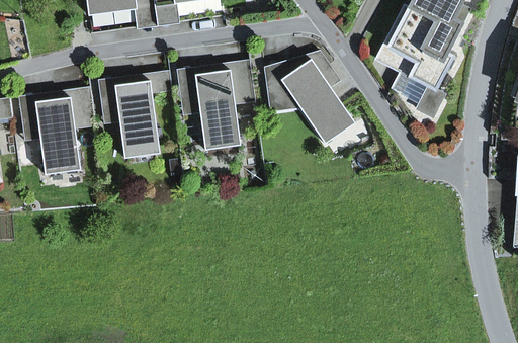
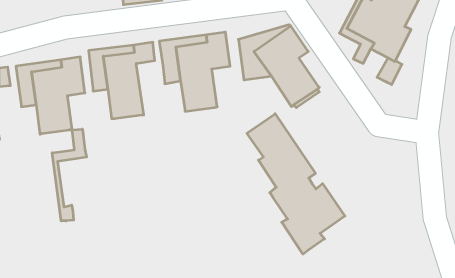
building: none -> [247,114,345,254]
building: none -> [52,129,87,221]

